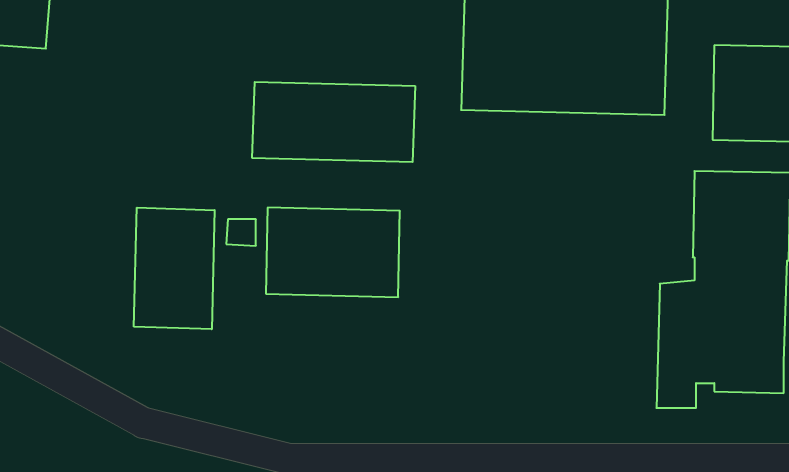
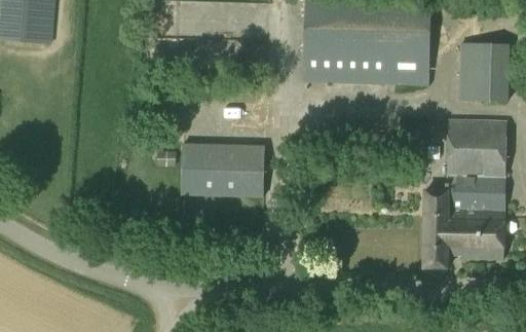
building: [252,82,415,162] -> none
building: [134,208,215,329] -> none

